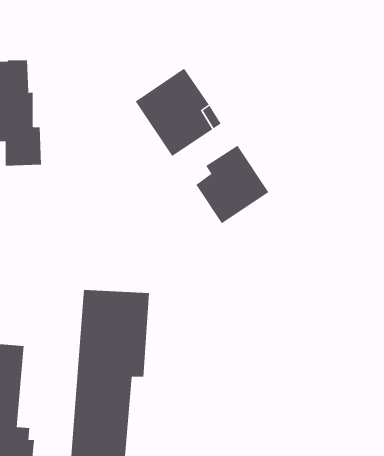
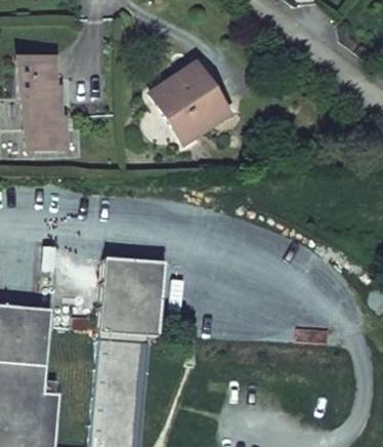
building: [195,145,269,224] -> none

